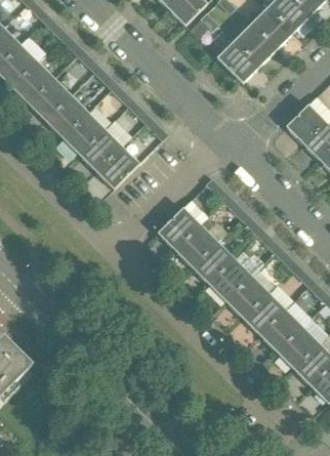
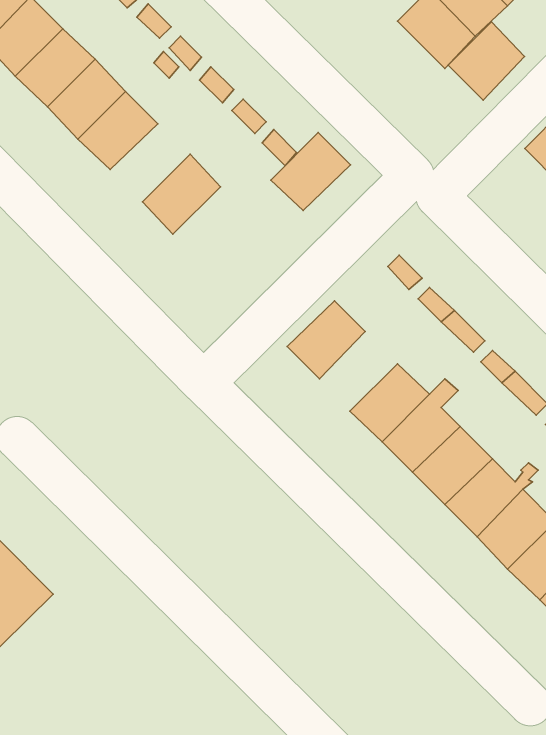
building: none -> [448,22,524,100]
building: [63,112,106,154] -> none
building: [96,146,139,188] -> [271,133,351,211]
building: [175,216,217,266] -> none

